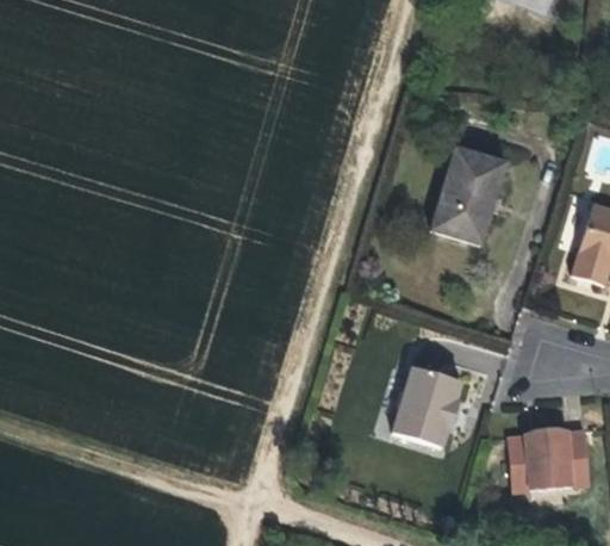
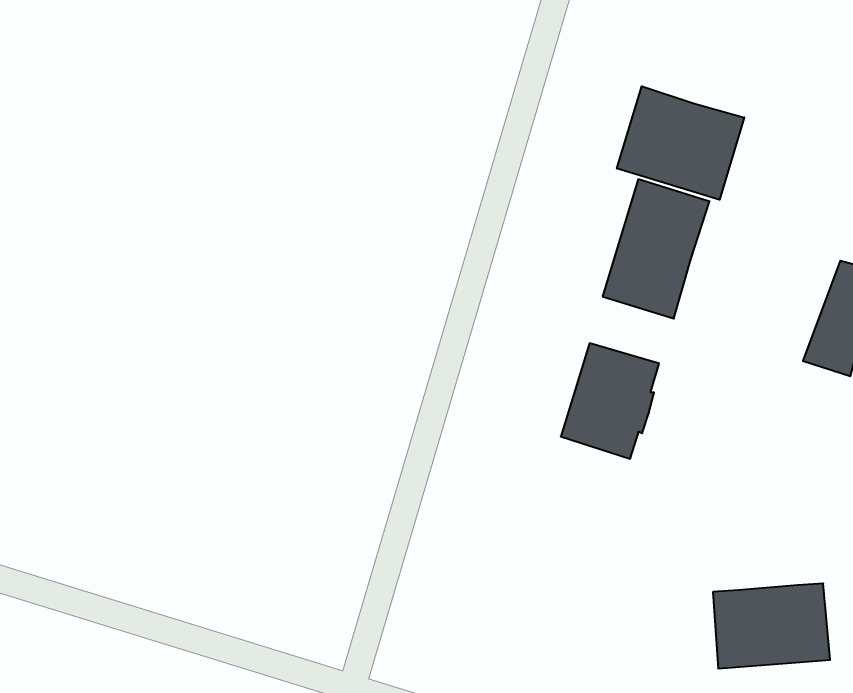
building: none -> [617,86,744,200]
building: [392,365,461,446] -> [561,343,659,459]

